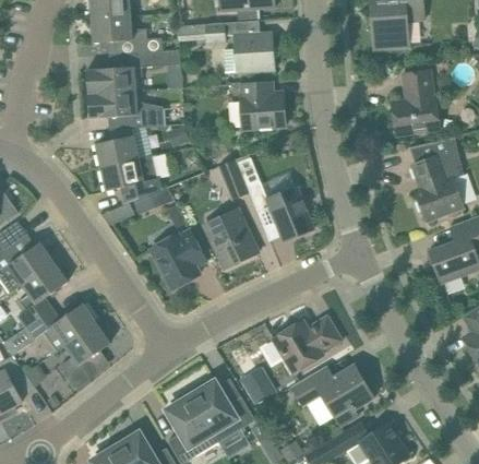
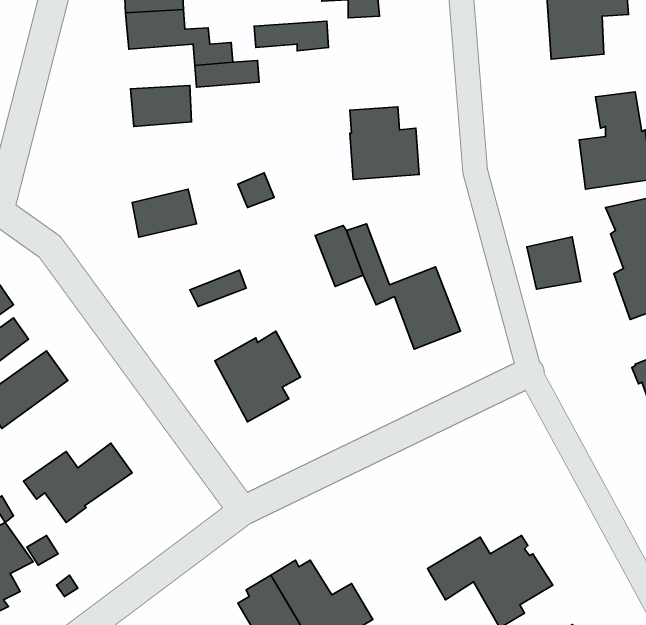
building: [224,32,279,73] -> none
building: [97,91,164,128] -> none
building: [100,155,161,203] -> none
building: none -> [527,237,581,289]
building: [203,209,259,269] -> none
building: [16,262,68,329] -> none
building: [273,316,342,373] -> none
building: [60,323,110,392] -> none
building: [240,367,277,405] -> none

